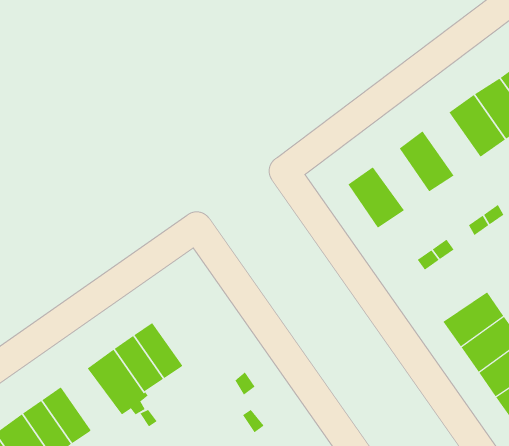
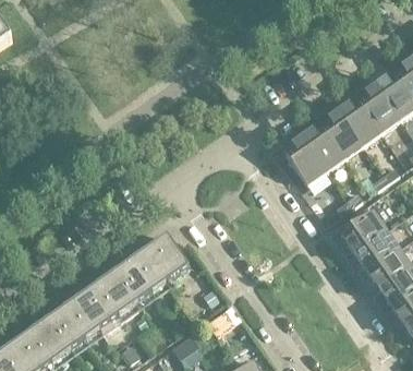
building: none -> [339,98,380,144]
building: none -> [303,124,343,169]
building: none -> [340,208,386,250]
building: none -> [144,235,189,287]
building: none -> [77,284,121,333]

